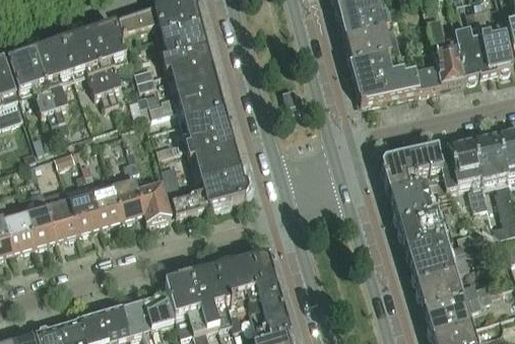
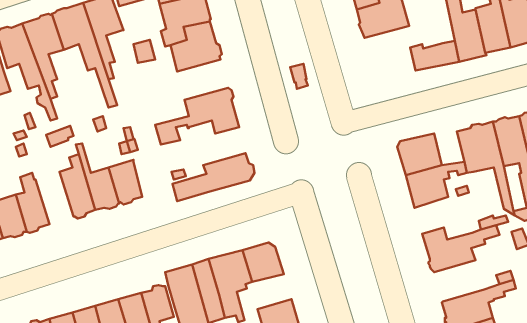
building: [350,50,400,96] -> none
building: [140,80,226,118] -> none
building: [188,137,243,179] -> none
building: [417,145,446,179] -> none
building: [137,174,174,218] -> none
building: [46,185,81,233] -> none
building: [399,207,453,248] -> none
building: [417,267,464,305] -> none
building: [248,280,284,313] -> none

